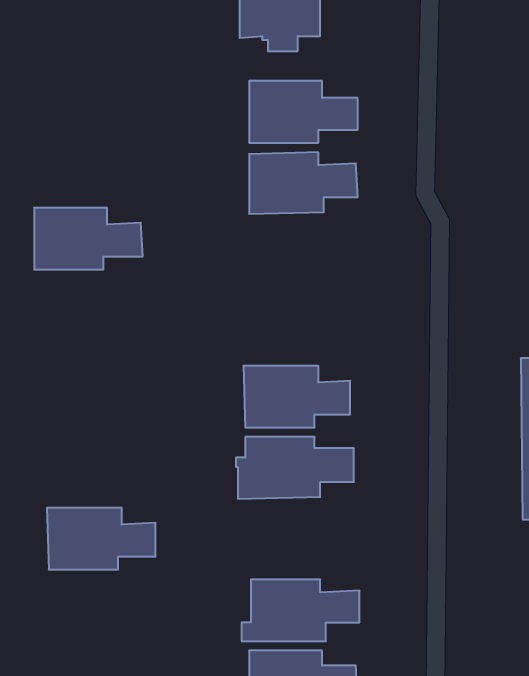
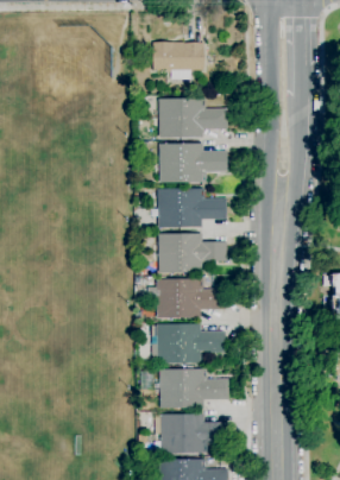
building: [34,208,143,270] -> [158,188,227,227]
building: none -> [153,233,227,272]
building: [47,508,156,570] -> [159,368,228,408]

